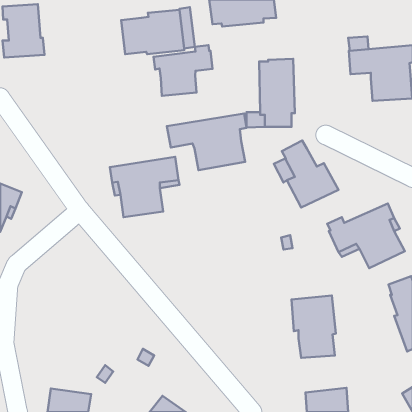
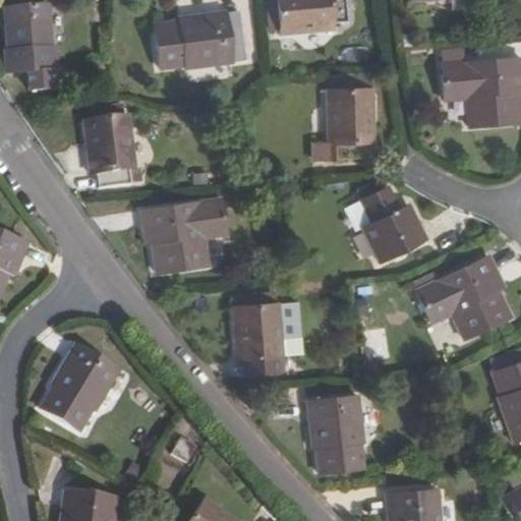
building: [154,45,213,96] -> none
building: none -> [83,107,134,189]
building: [167,114,246,170] -> none
building: none -> [233,305,281,375]
building: none -> [41,344,118,431]
building: [291,296,336,358] -> [307,395,363,473]

